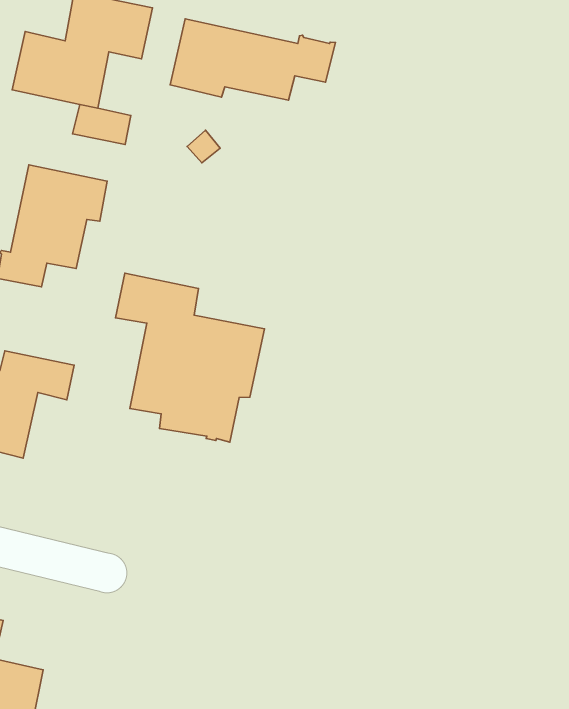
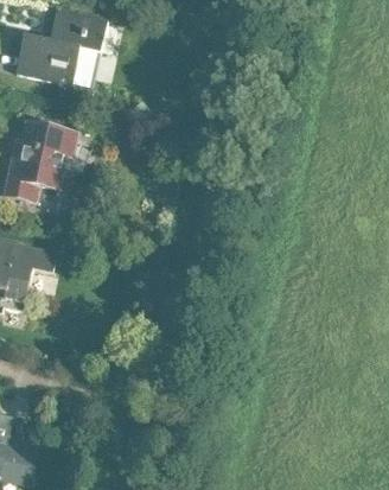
building: [170,19,335,100] -> none
building: [115,273,264,442] -> none

